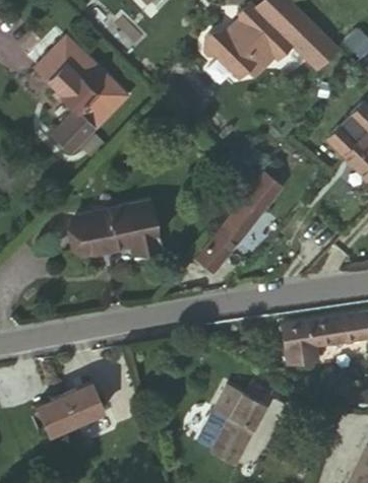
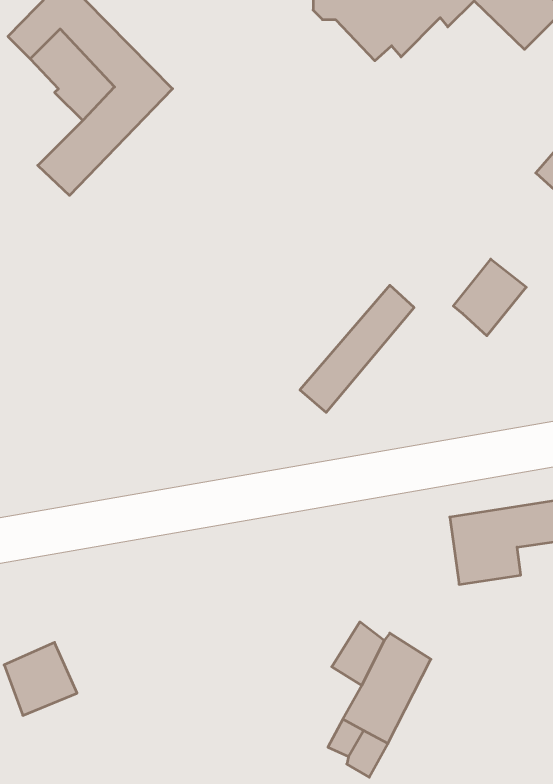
building: [240,172,280,214] -> [453,259,526,336]
building: [79,205,166,261] -> none
building: [63,385,101,423] -> none

